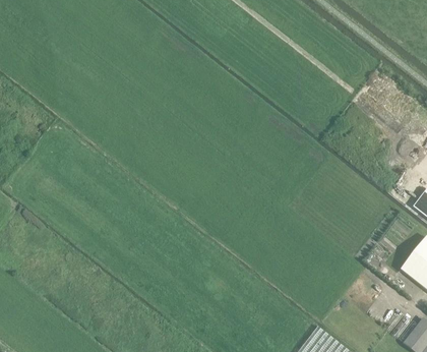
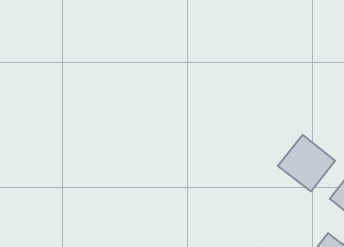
building: none -> [278,135,335,191]

